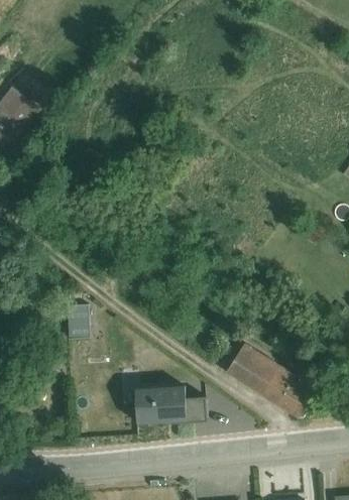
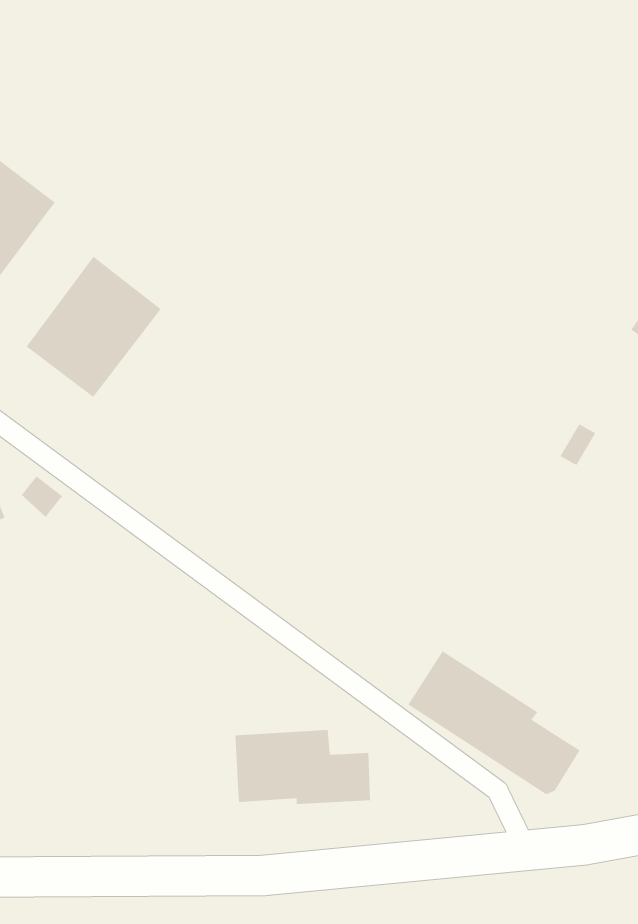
building: none -> [26,256,161,398]
building: [67,304,91,339] -> none

